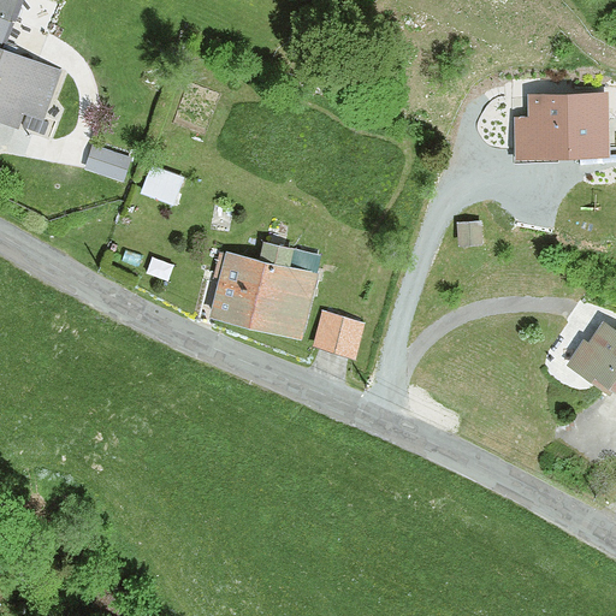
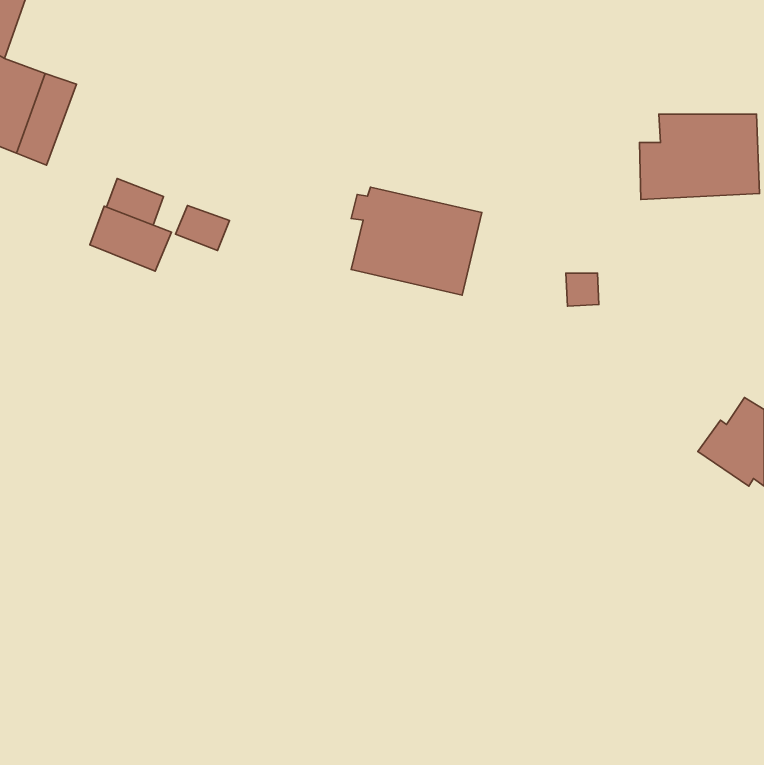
building: none -> [90,206,171,271]
building: [213,251,318,338] -> [351,187,482,295]
building: [312,310,363,361] -> none

